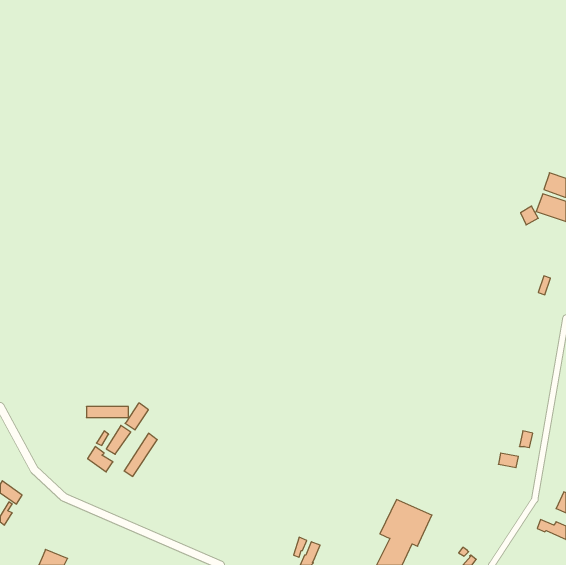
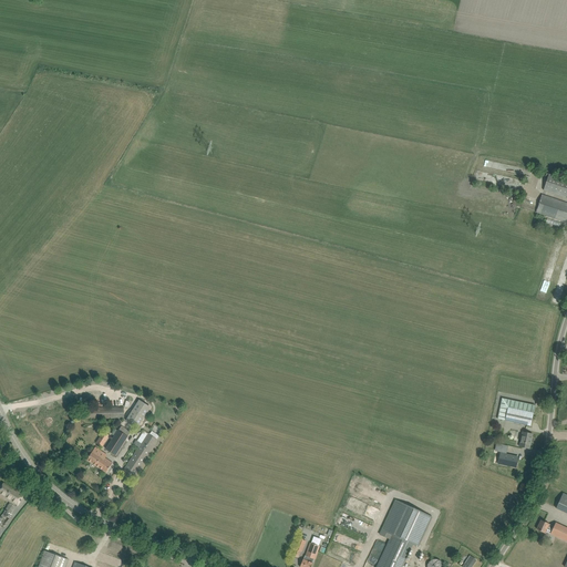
building: none -> [497,398,535,424]

